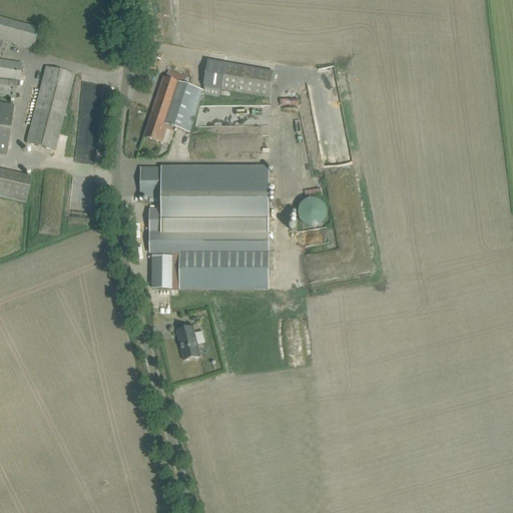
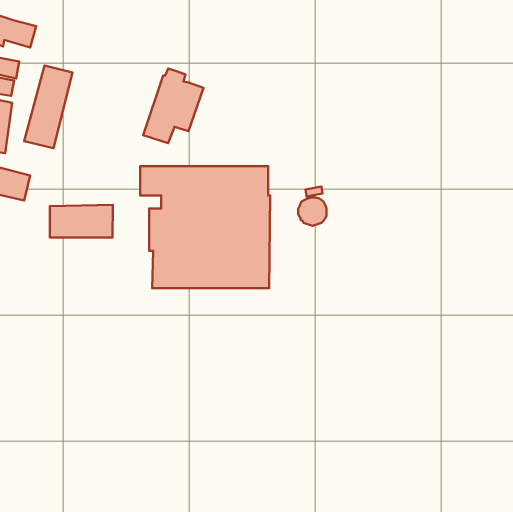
building: [202,58,273,96] -> none
building: none -> [50,205,113,238]
building: [174,324,198,359] -> none

